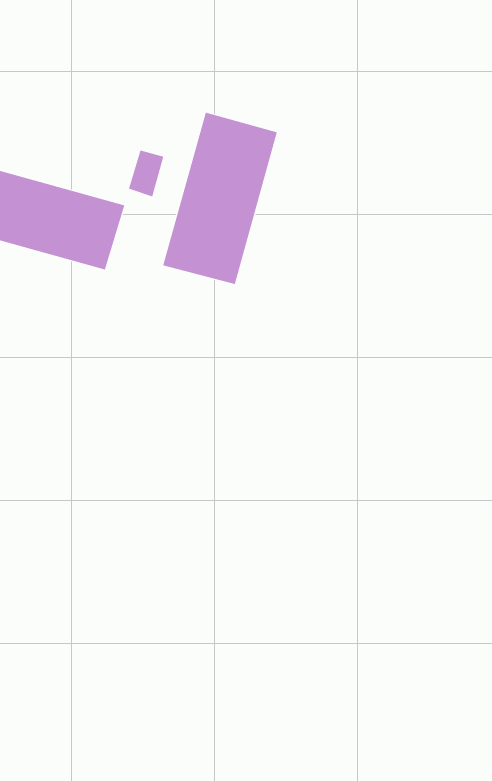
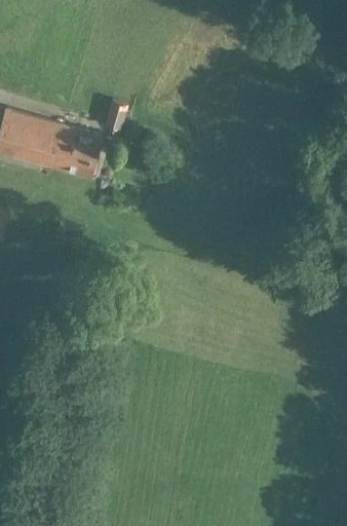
building: [162,112,277,285] -> none

